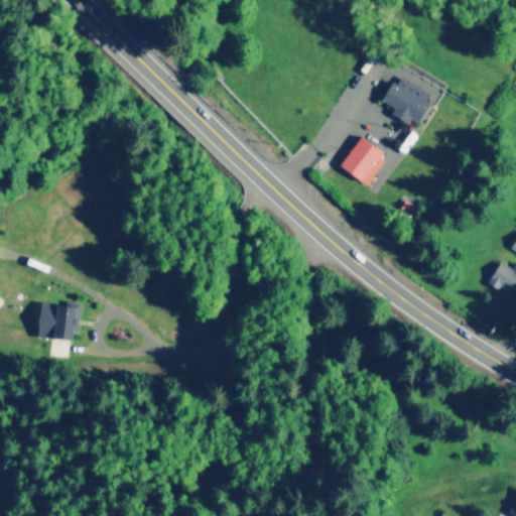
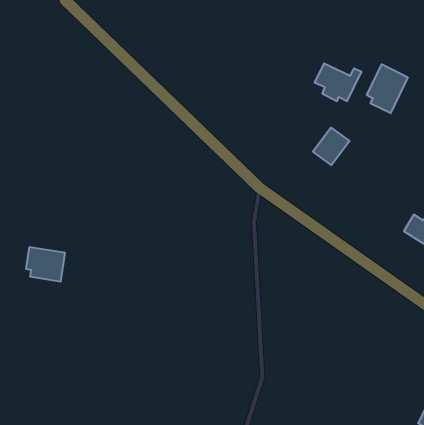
building: none -> [367,64,408,113]
building: [341,136,385,181] -> [313,128,350,165]

